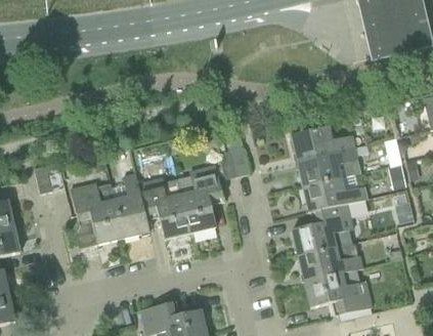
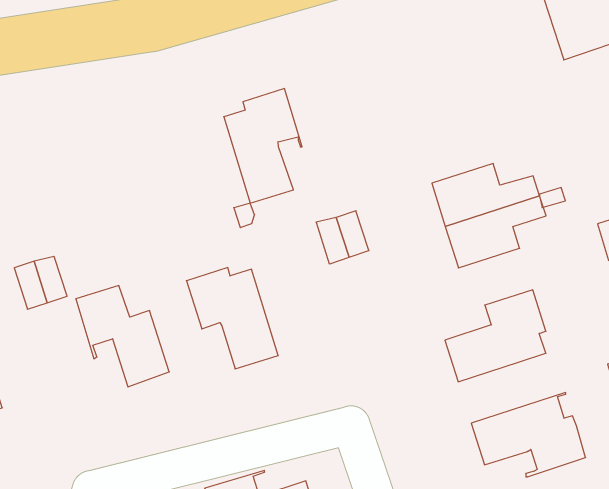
building: [178,164,224,232] -> [224,89,302,203]
building: [115,173,149,237] -> none
building: [303,177,367,212] -> none
building: [298,242,362,281] -> none

